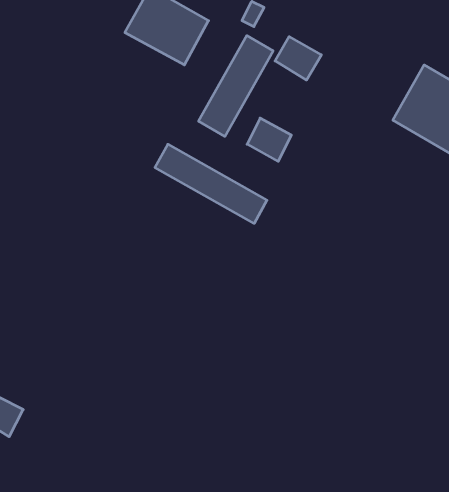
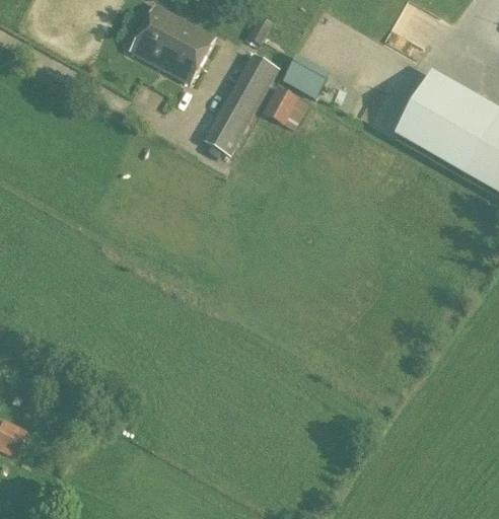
building: [247,118,291,161] -> [264,84,308,128]
building: [155,144,267,223] -> none

